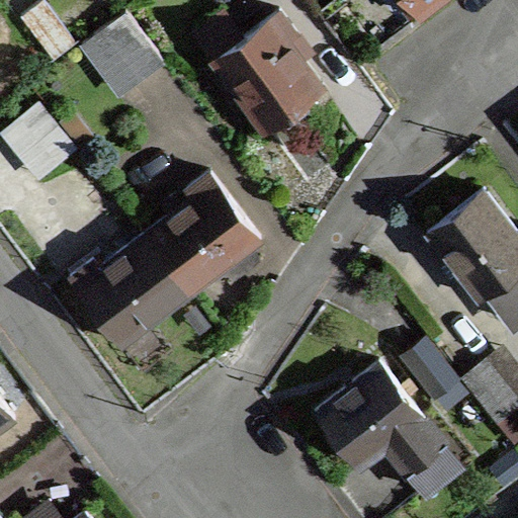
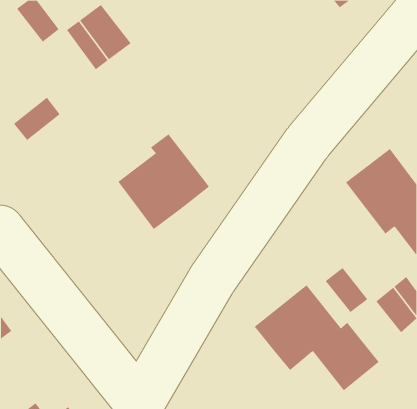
building: [211,13,324,135] -> none
building: [70,235,190,347] -> none

